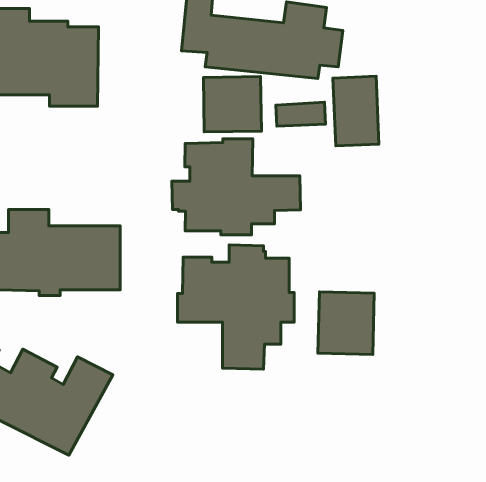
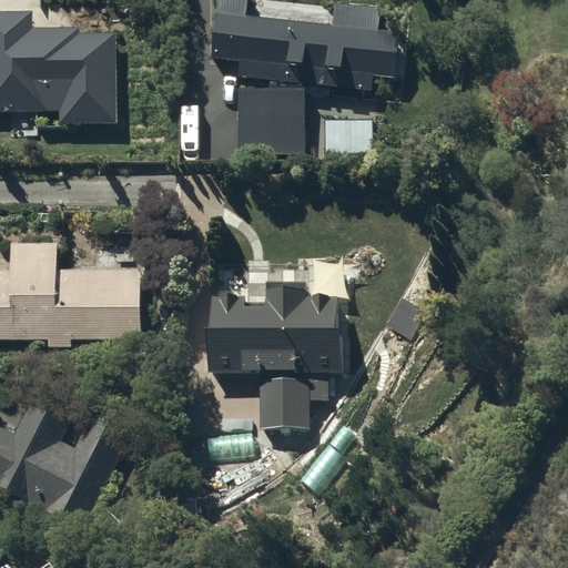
building: [333,76,379,146] -> none
building: [172,139,300,235] -> none
building: [318,292,374,355] -> none

